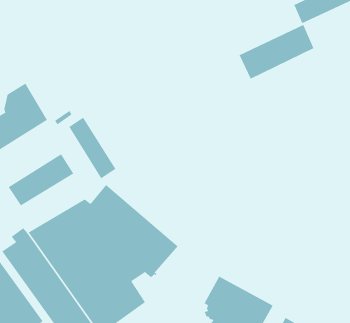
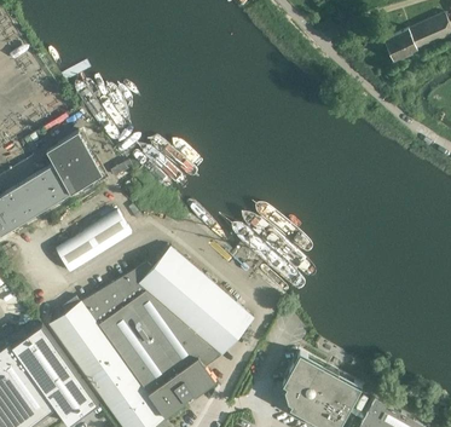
building: [239,24,314,79] -> none
building: [68,117,116,179] -> none

